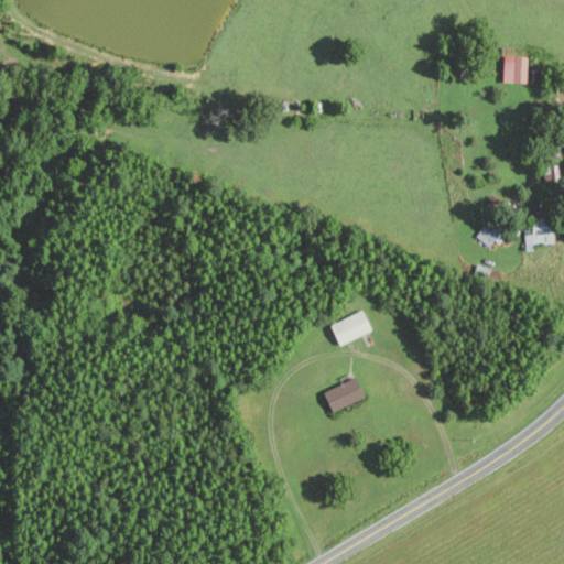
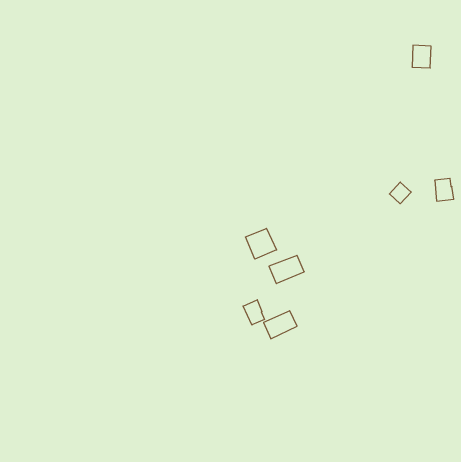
building: none -> [246,228,277,259]
building: none -> [243,300,265,325]

